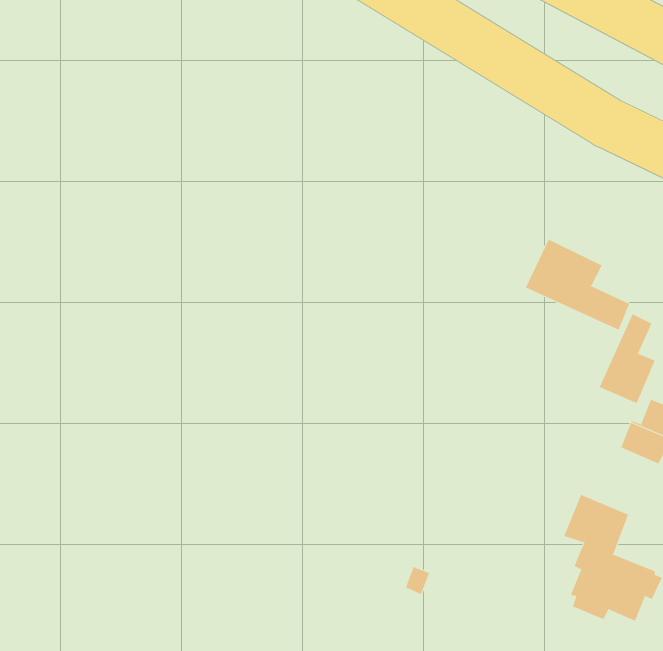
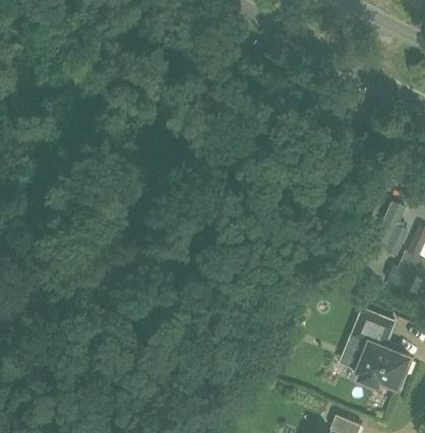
building: [525,239,630,330] -> none

